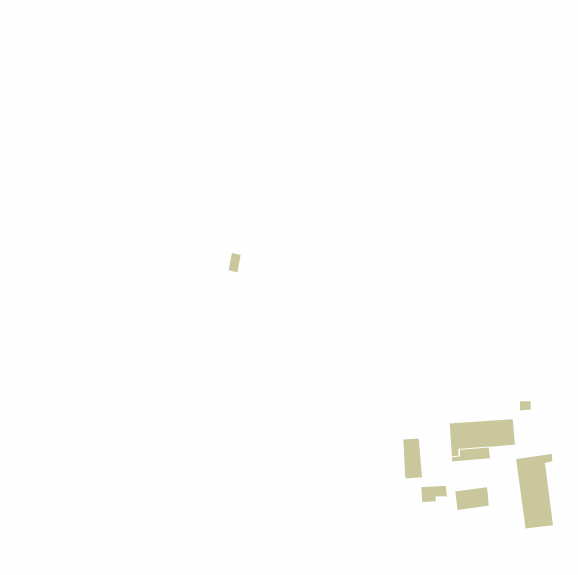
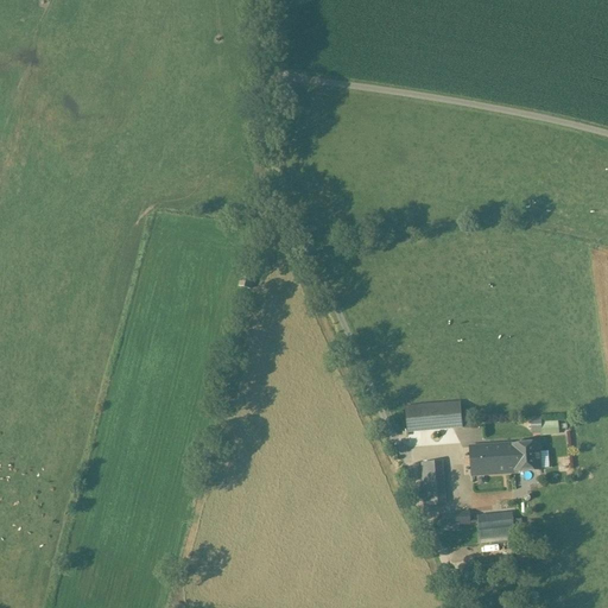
building: none -> [404,399,462,429]
building: [515,453,553,529] -> none

